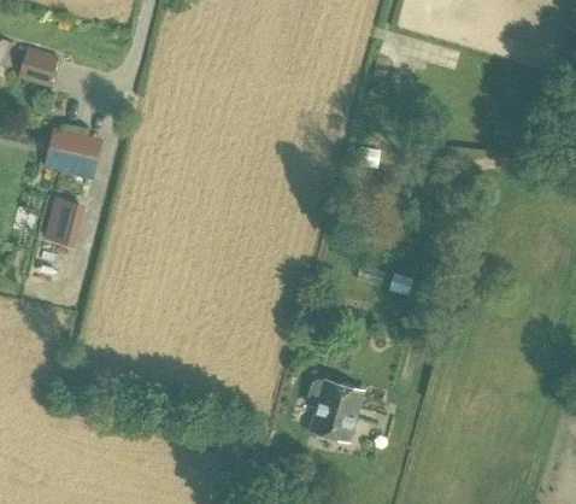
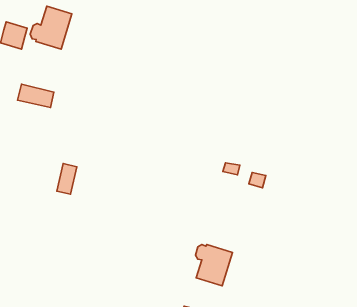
building: none -> [30,6,72,49]
building: [45,195,75,241] -> [57,163,77,194]

